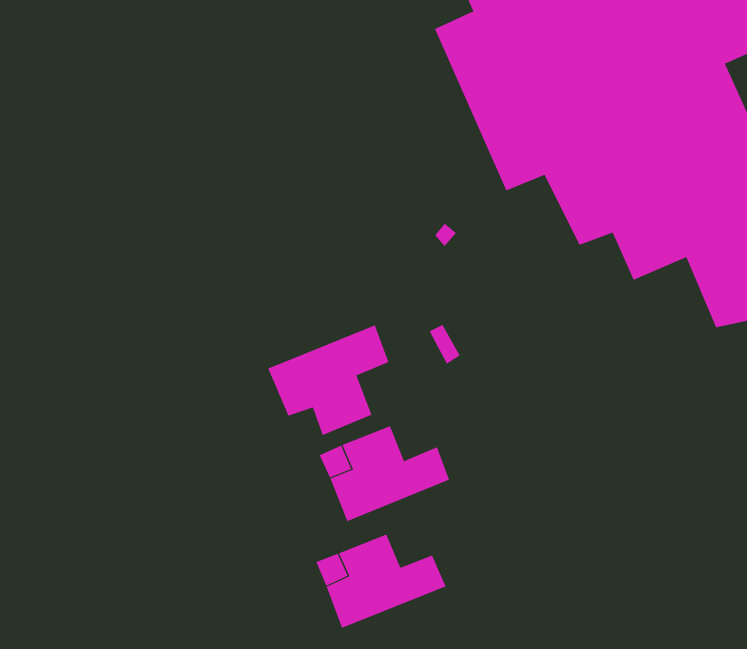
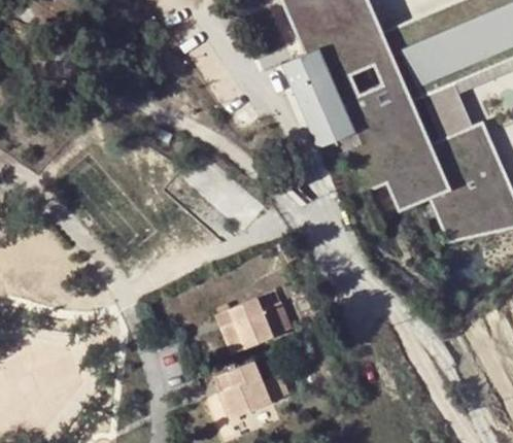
building: [268,325,389,436] -> none

